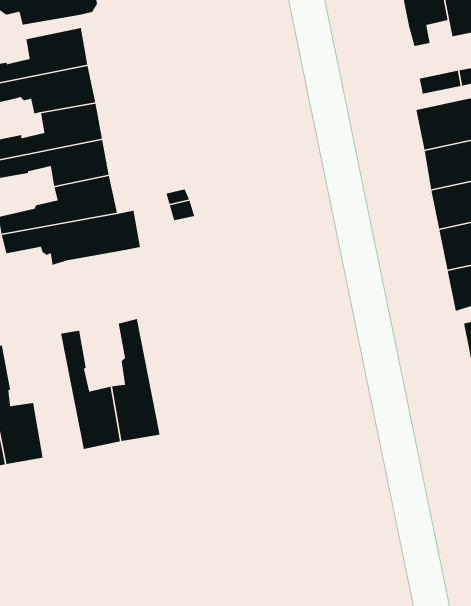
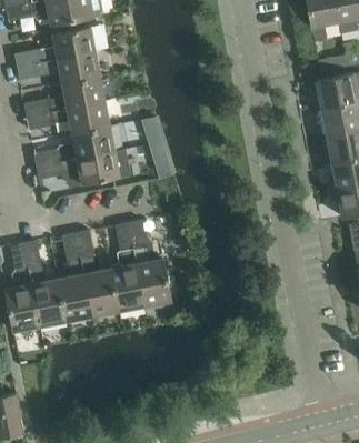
building: none -> [129,221,171,302]
building: none -> [59,233,92,318]

